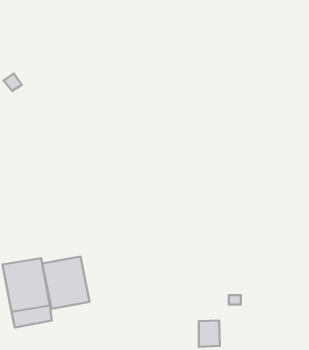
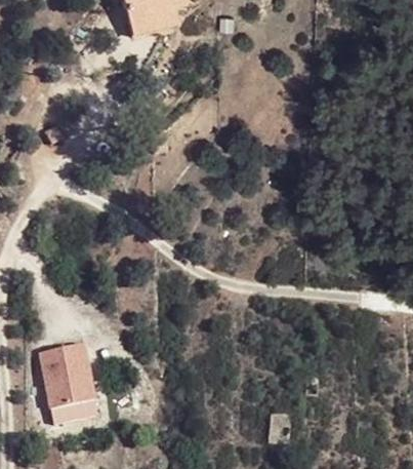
building: [42,256,90,309] -> none

